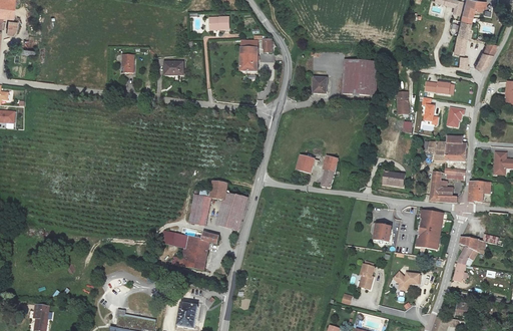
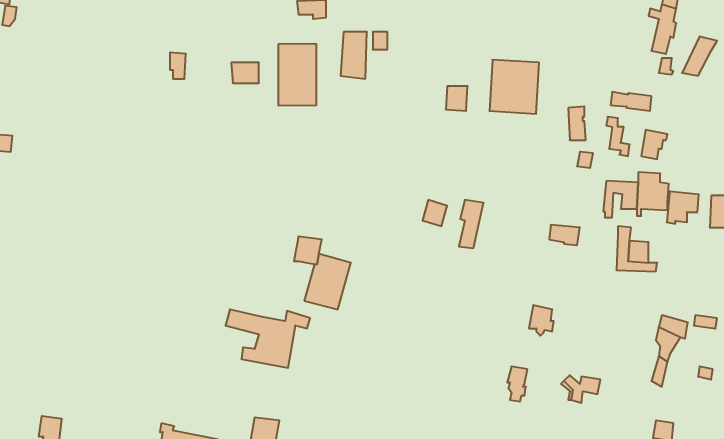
building: none -> [279,44,316,106]
building: [469,180,491,202] -> [667,192,699,224]
building: [189,194,211,225] -> none
building: [413,215,440,253] -> none

